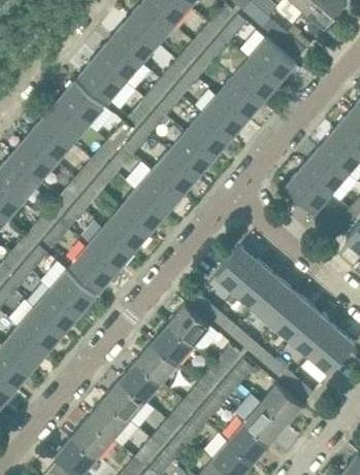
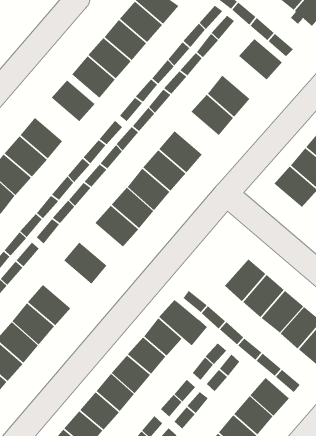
building: [233,58,279,101] -> none
building: [42,100,88,144] -> none
building: [185,114,230,158] -> none
building: [88,228,132,271] -> none
building: [217,247,260,292] -> none
building: [51,271,96,314] -> none

